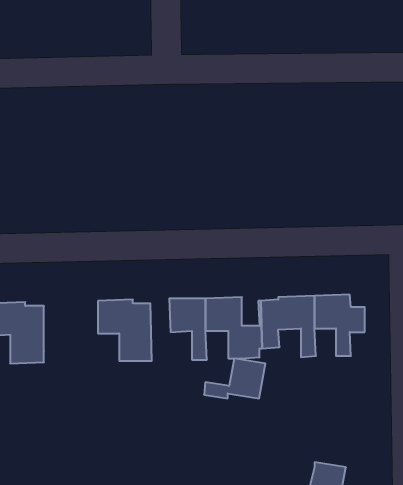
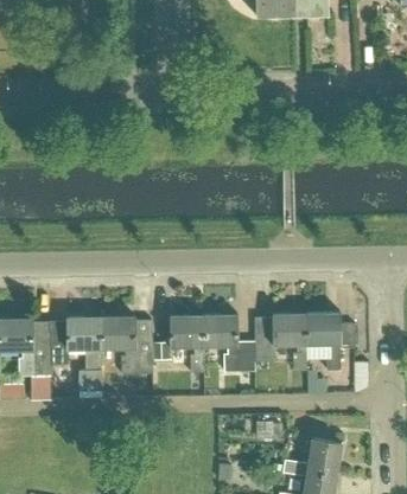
building: none -> [50,317,102,391]
building: [204,358,265,398] -> [284,437,342,475]

